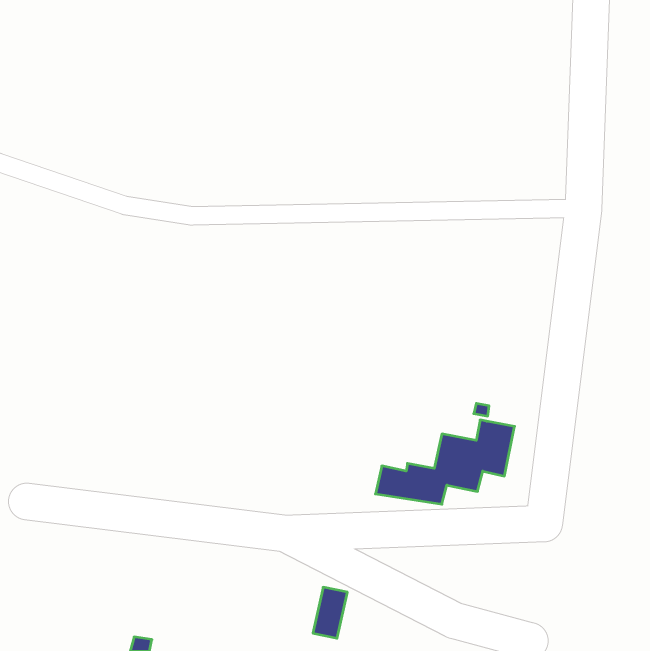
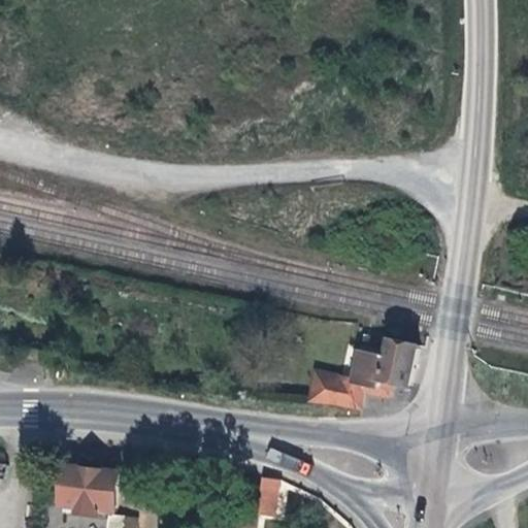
building: none -> [61,466,119,515]

